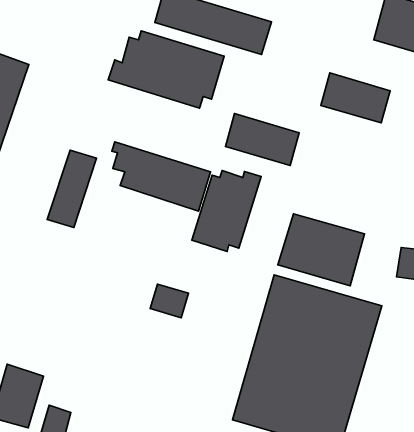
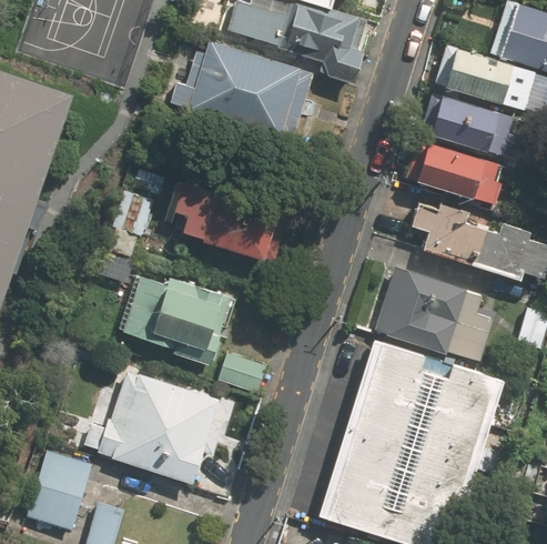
building: none -> [442,48,536,112]
building: [225,114,299,165] -> [416,142,506,205]
building: none -> [422,203,535,280]
building: [192,170,261,251] -> none
building: none -> [117,269,232,365]
building: none -> [98,363,225,488]

